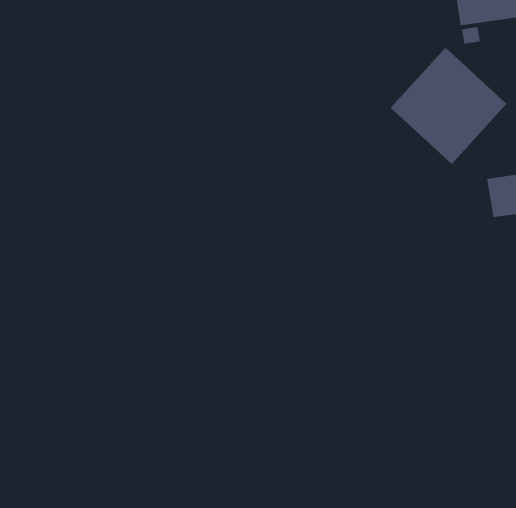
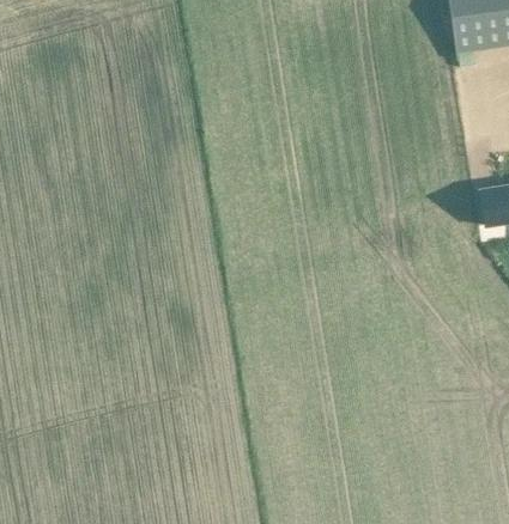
building: [390,47,507,165] -> none

